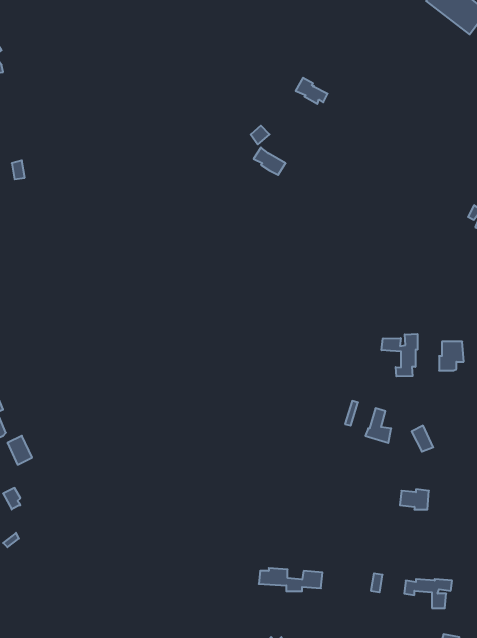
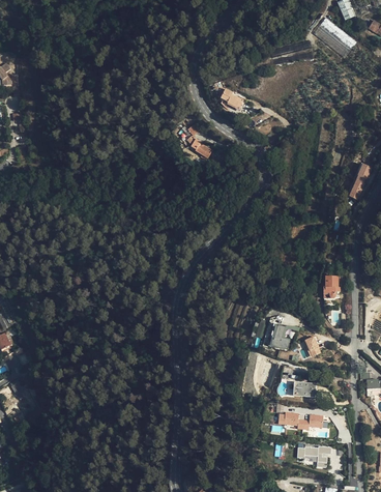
building: [382,334,417,376] -> none
building: [259,568,322,591] -> [279,412,324,429]

